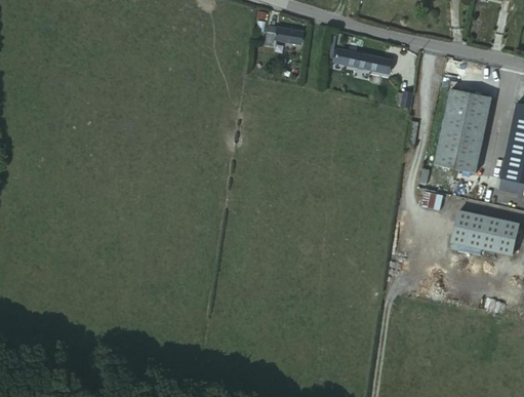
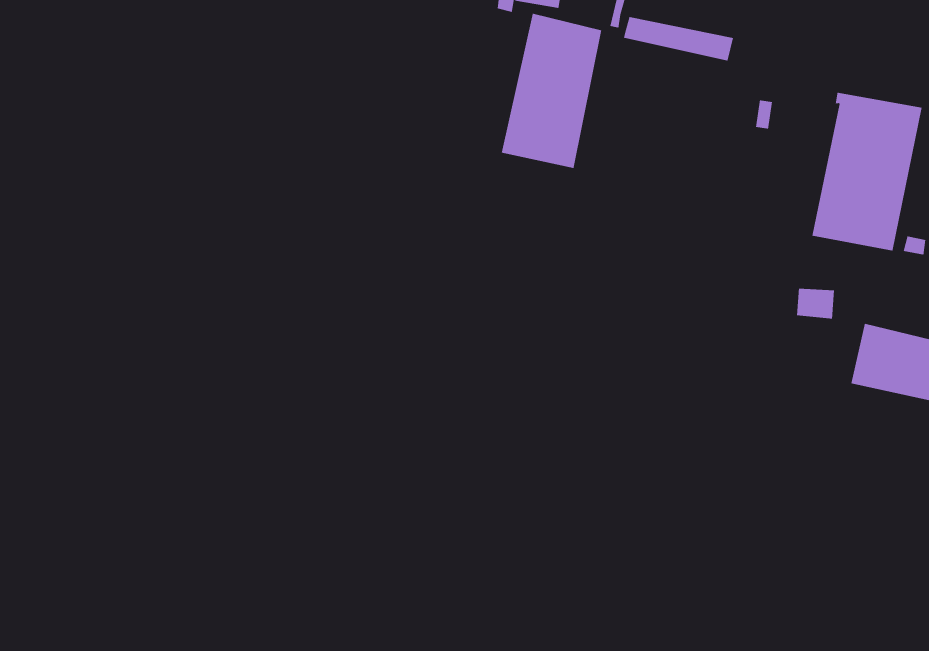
building: none -> [501,13,602,169]

